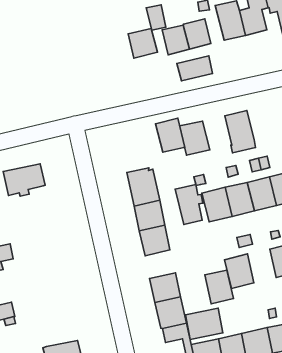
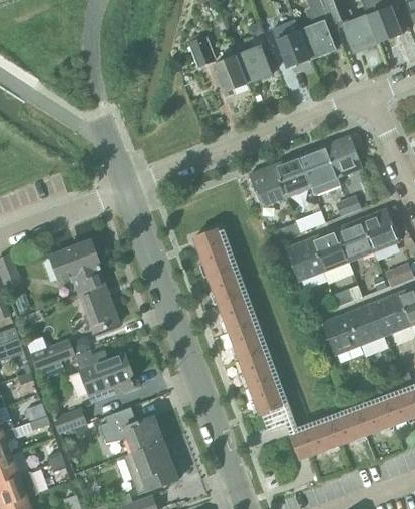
building: [128,28,158,58] -> none
building: [177,56,212,81] -> none
building: none -> [324,135,362,178]
building: [155,118,185,152] -> [274,155,312,197]
building: [175,184,203,224] -> none
building: none -> [73,267,119,333]
building: none -> [229,321,267,358]
building: none -> [76,351,134,397]
building: [205,270,233,304] -> [348,304,385,346]
building: [186,308,223,340] -> none
building: none -> [100,408,163,454]

